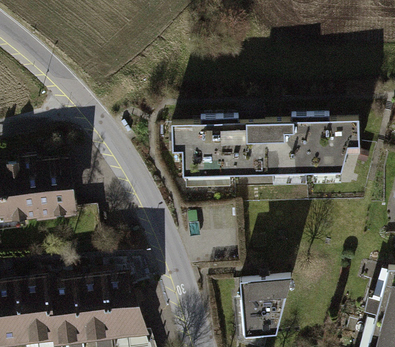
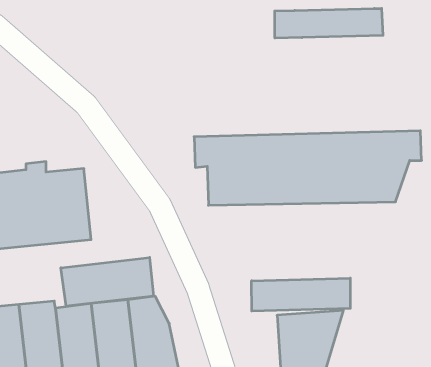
building: none -> [275,8,383,38]
building: none -> [61,257,154,306]
building: none -> [252,278,350,311]

